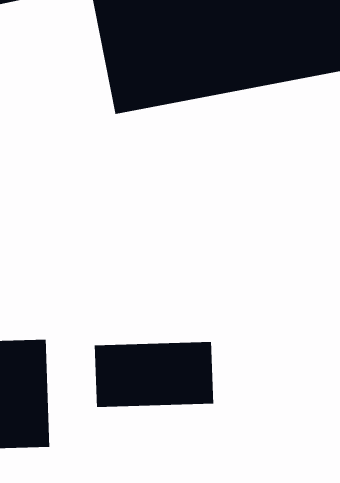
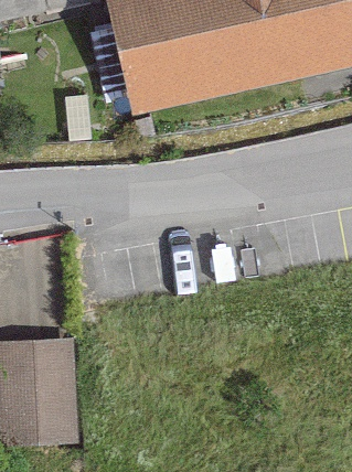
building: [94,341,214,408] -> none

